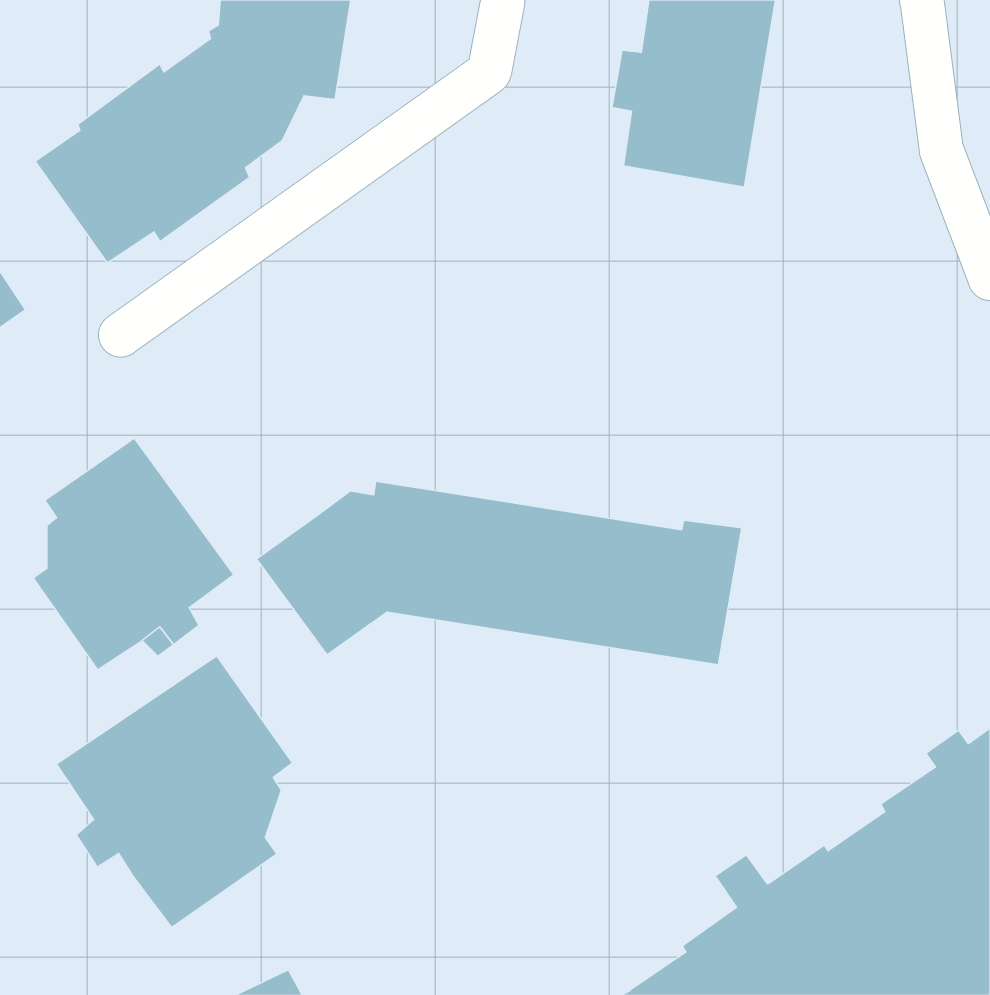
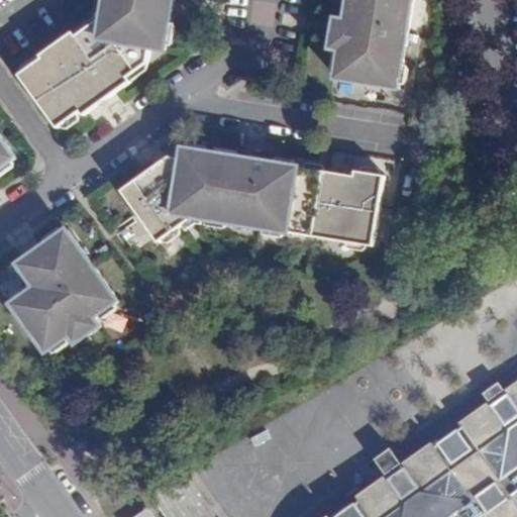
building: [257,481,742,664] -> [123,147,375,242]
building: [57,656,293,928] -> none

